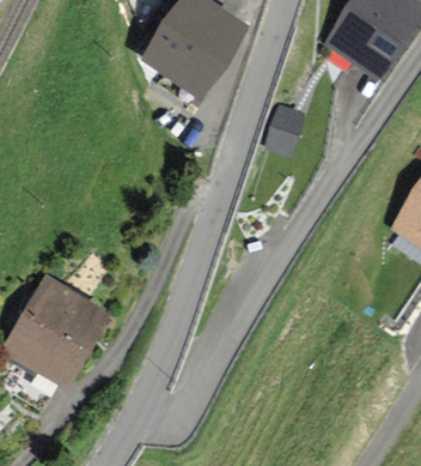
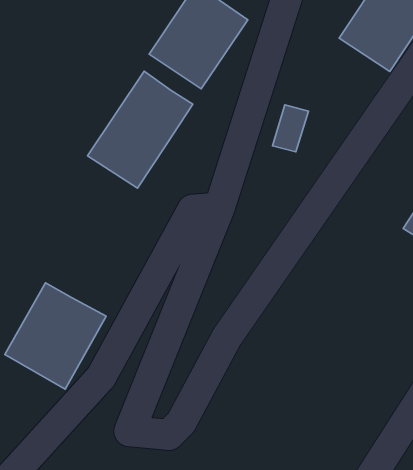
building: none -> [88,71,193,188]

